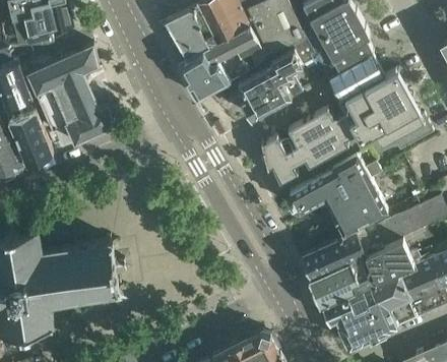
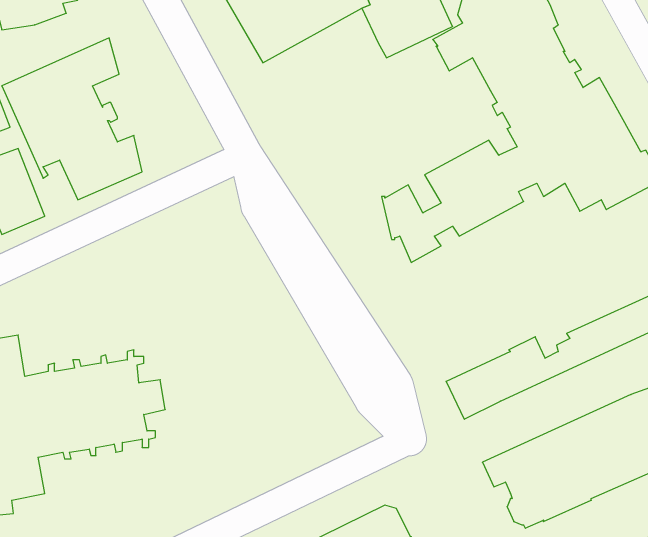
building: [178,33,263,101] -> none
building: [238,50,302,119] -> none
building: [288,157,387,235] -> none
building: [308,239,413,307] -> none

